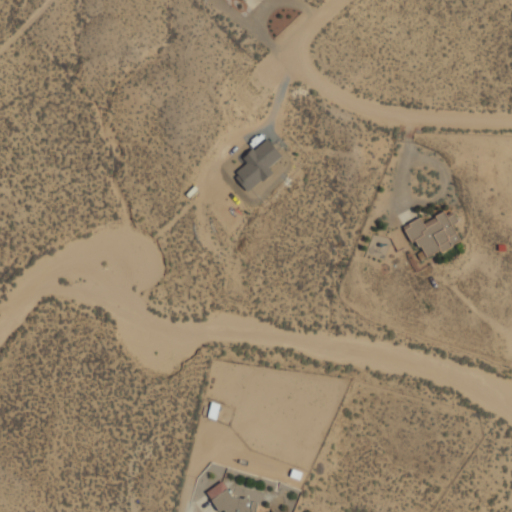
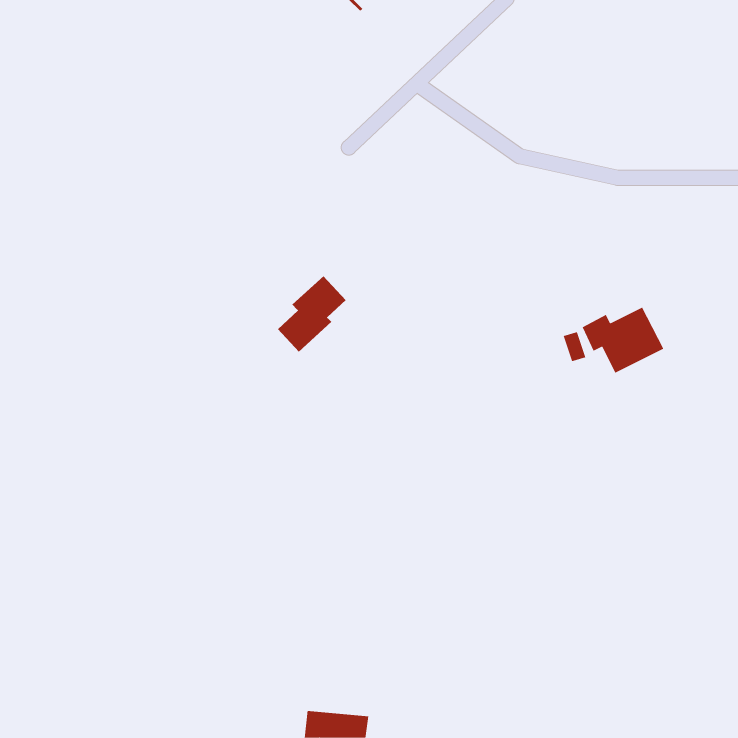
building: [234,138,282,191] -> [277,276,347,352]

